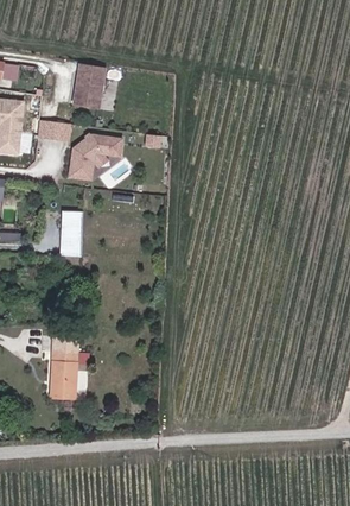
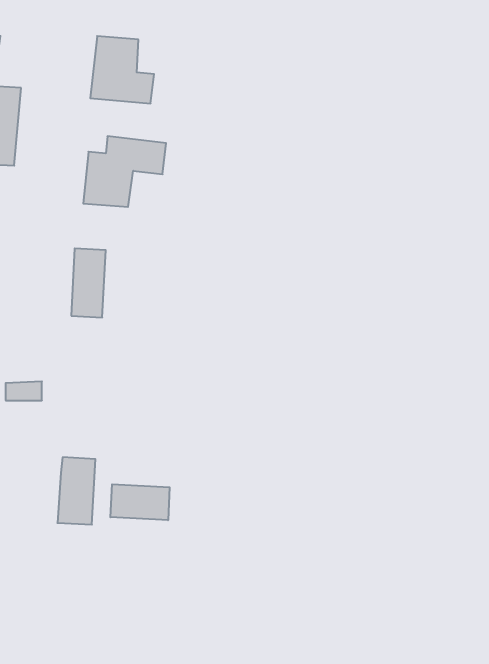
building: [38,120,71,140] -> none
building: none -> [110,484,170,520]

